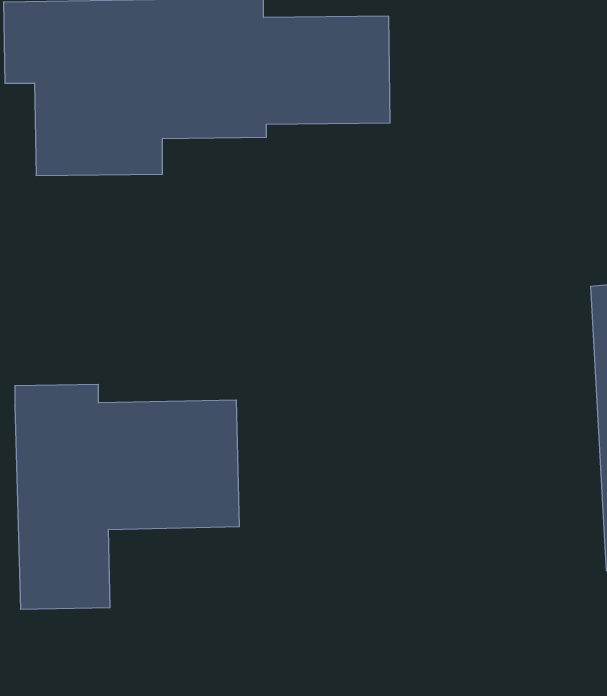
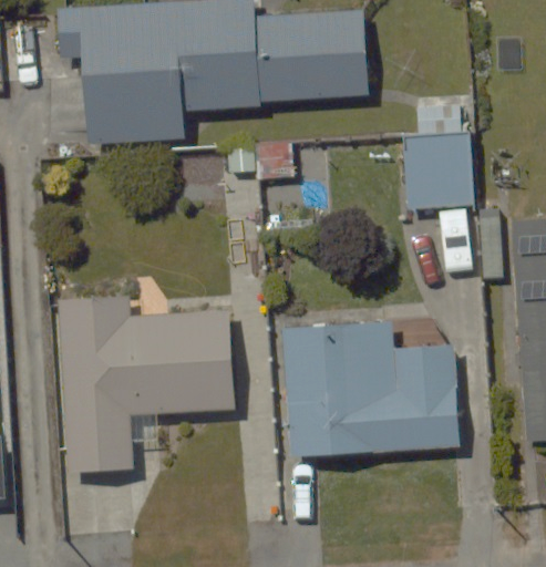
building: none -> [402,92,473,212]
building: none -> [286,329,464,453]

